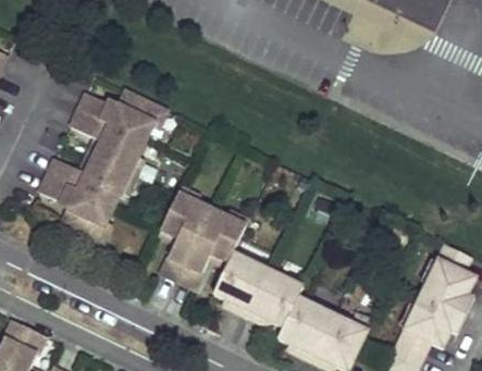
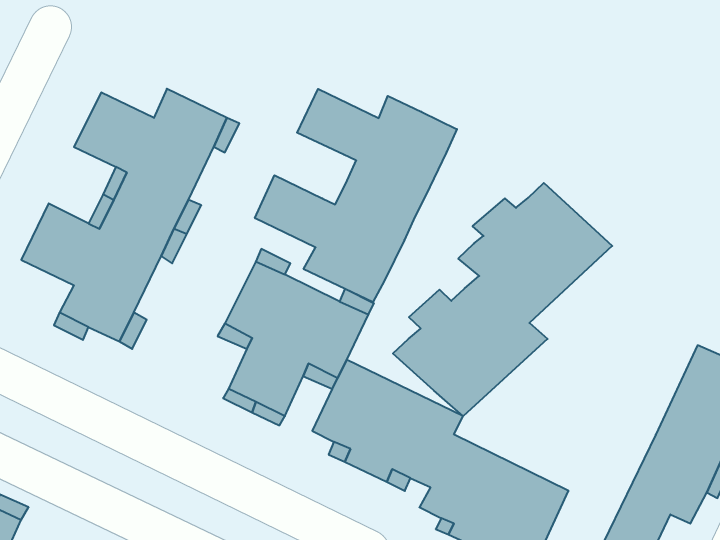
building: none -> [255,89,457,302]
building: none -> [393,183,612,416]

